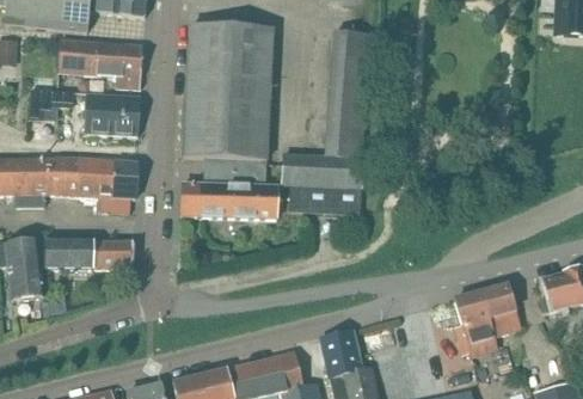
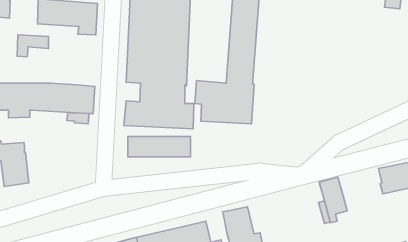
building: [85,92,140,135] -> none
building: [43,239,131,268] -> [128,137,190,157]
building: [481,281,520,336] -> none

